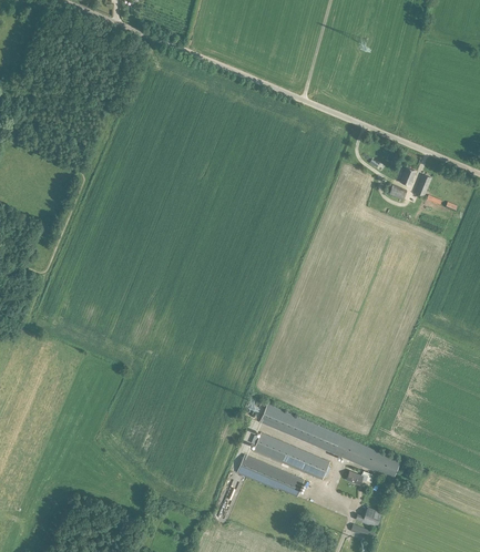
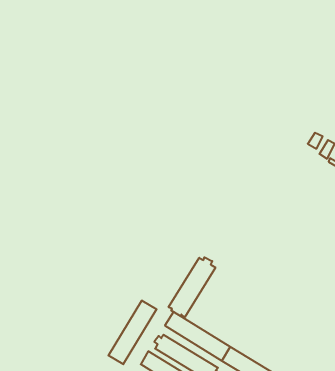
building: none -> [169,257,215,317]
building: none -> [108,300,157,364]

